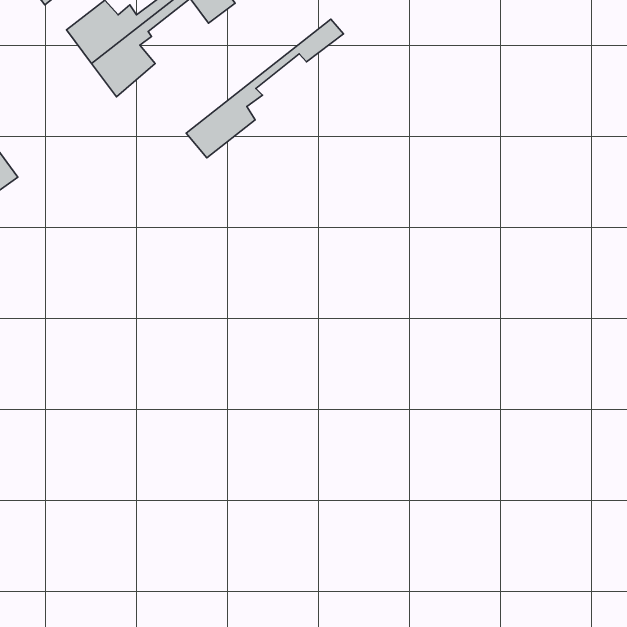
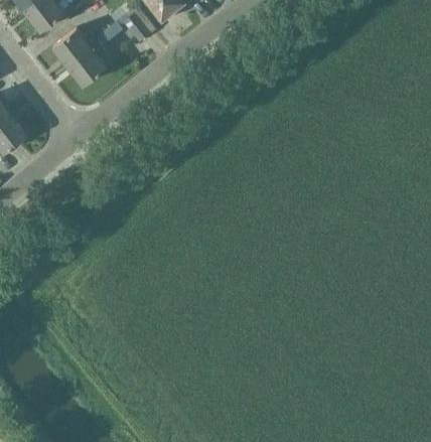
building: [186,19,343,158] -> none

